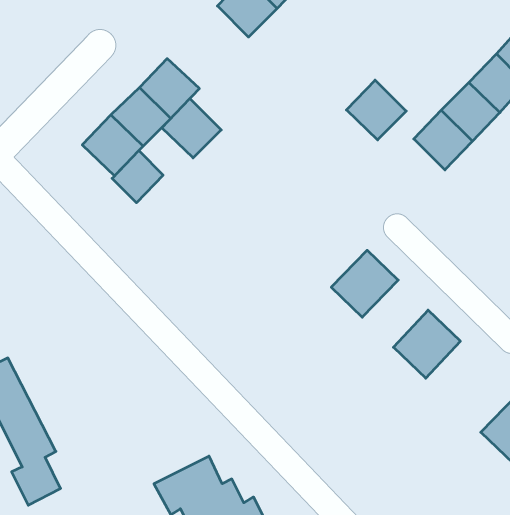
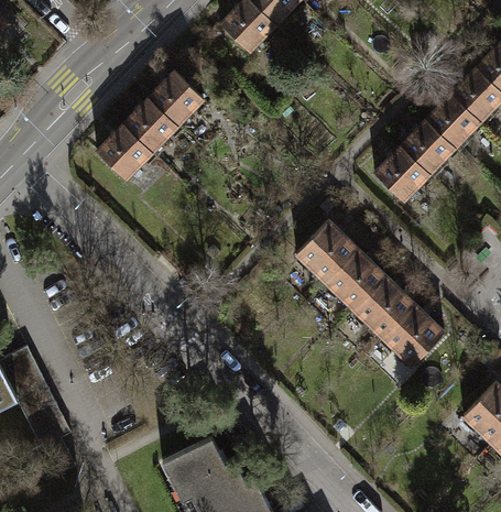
building: [346,80,406,140] -> [373,148,428,203]
building: [162,99,221,158] -> none
building: [112,151,163,203] -> none
building: none -> [295,222,357,284]
building: none -> [352,277,413,339]

